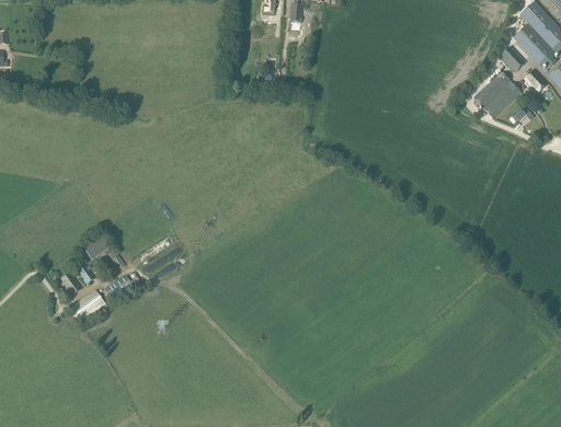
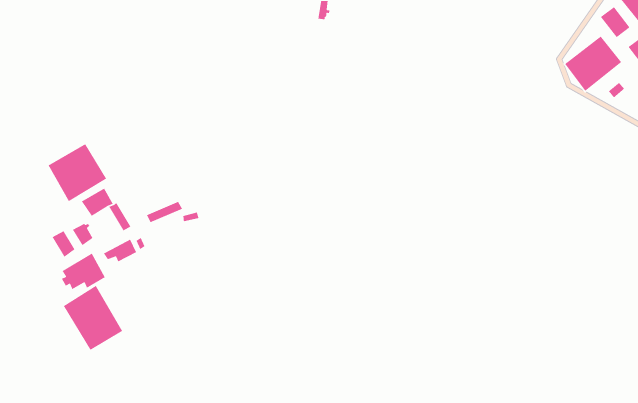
building: none -> [47,143,107,202]
building: none -> [63,285,123,351]

